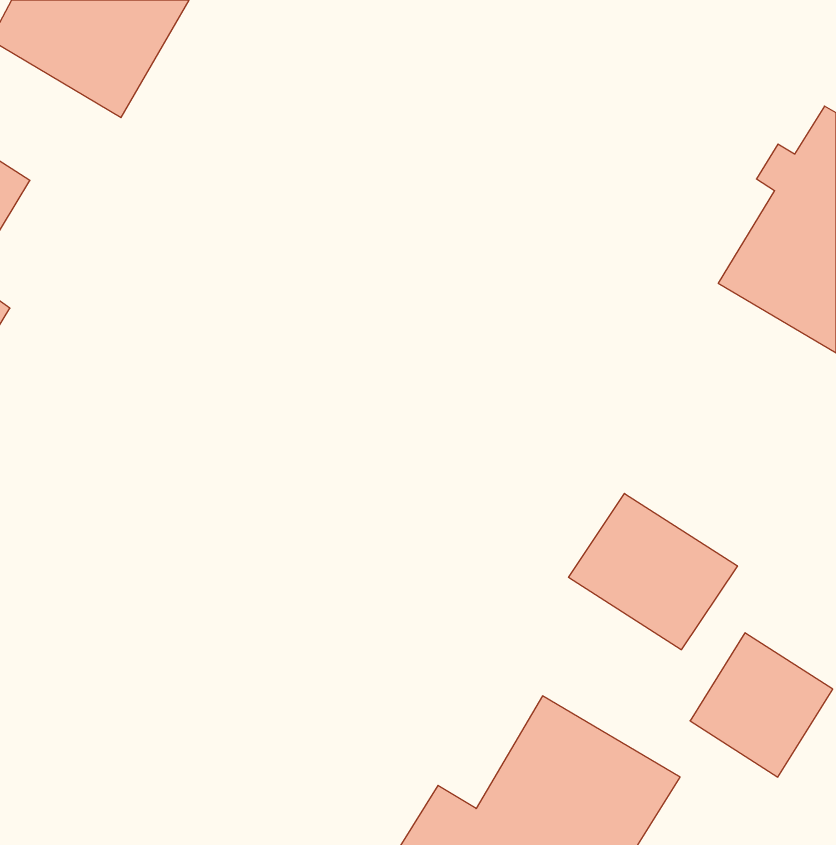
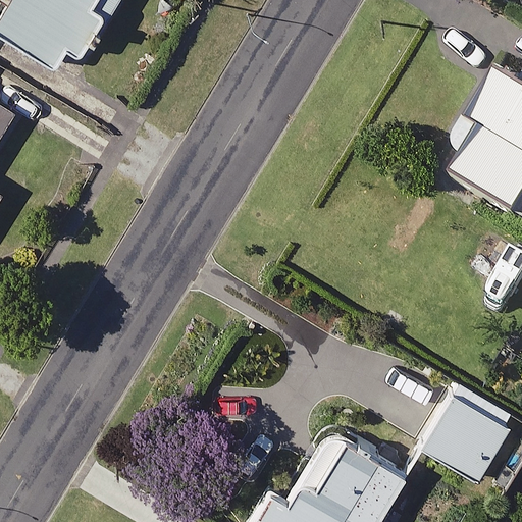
building: [569,493,737,650] -> none

